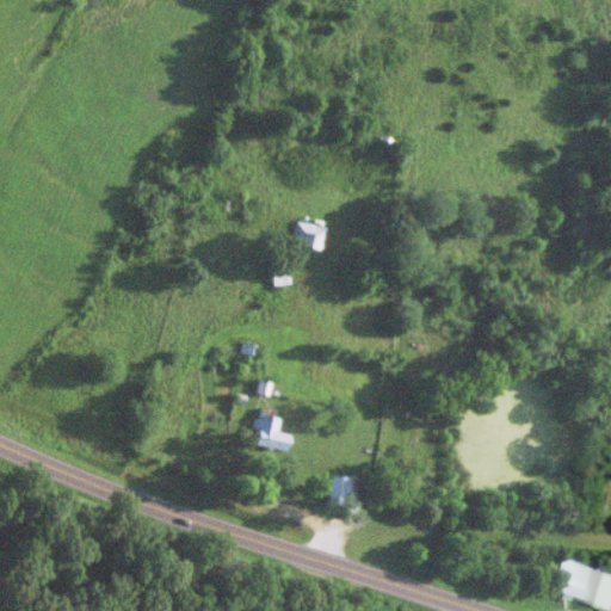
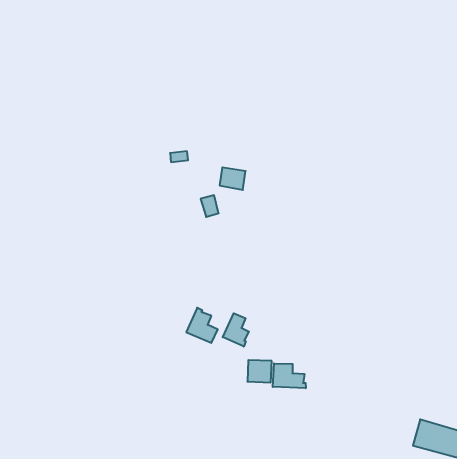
building: none -> [223,313,249,347]
building: none -> [273,363,306,388]

